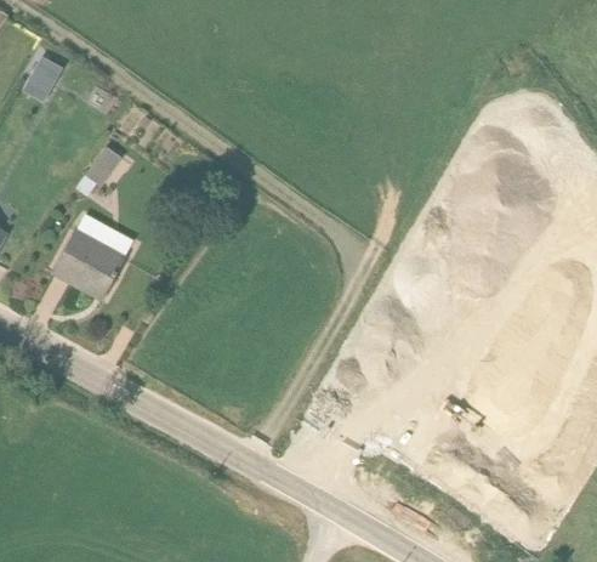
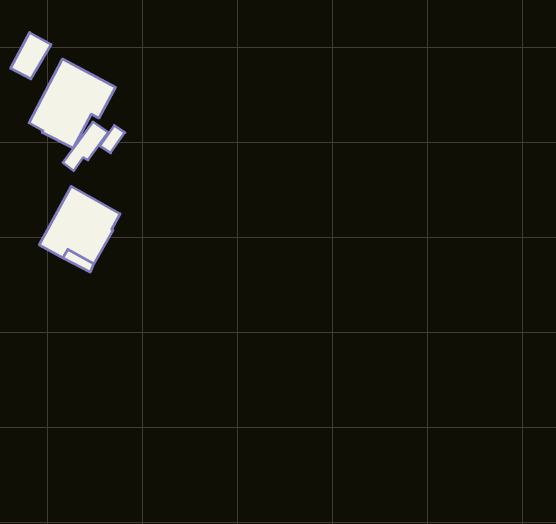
building: none -> [29,59,115,148]

